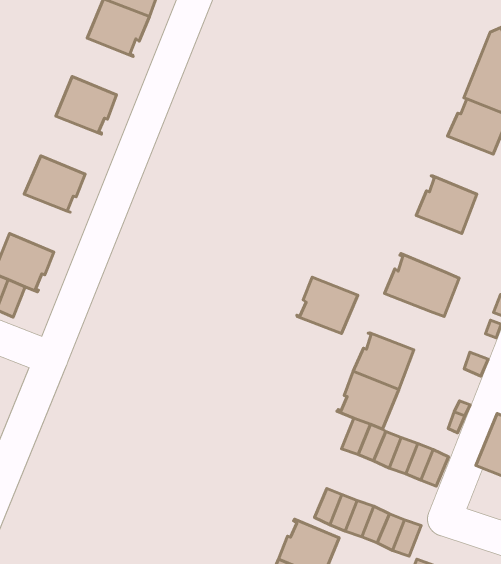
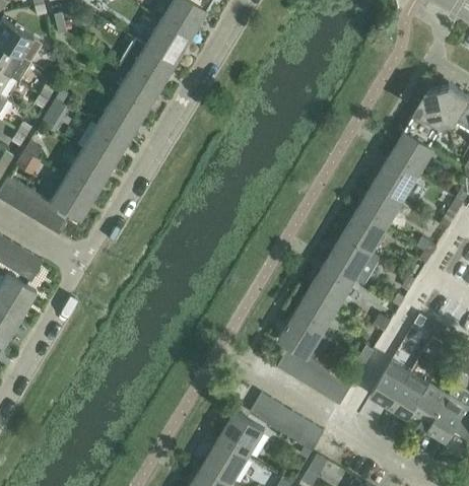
building: none -> [119,39,175,88]
building: none -> [97,96,143,141]
building: none -> [374,156,419,201]
building: none -> [66,148,112,193]
building: none -> [342,209,388,253]
building: [297,277,358,334] -> [311,261,356,304]

